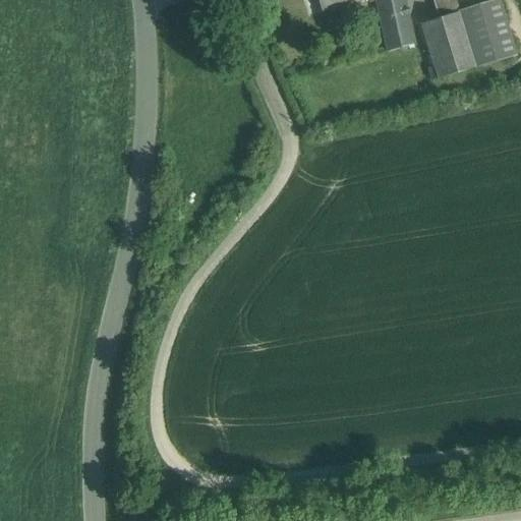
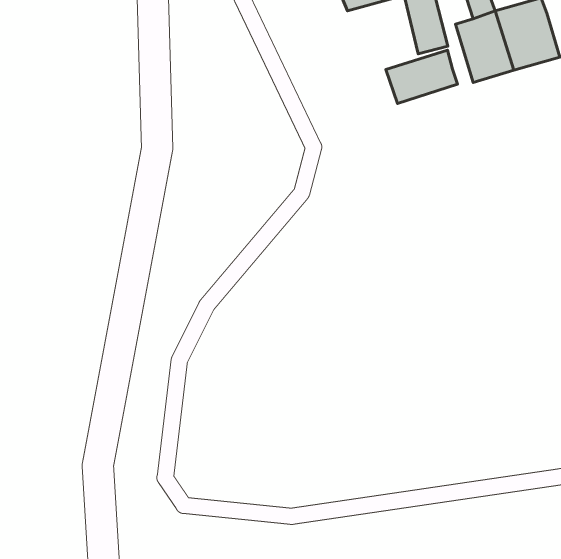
building: none -> [386,50,457,104]

